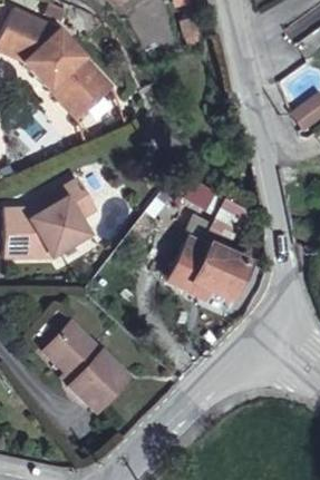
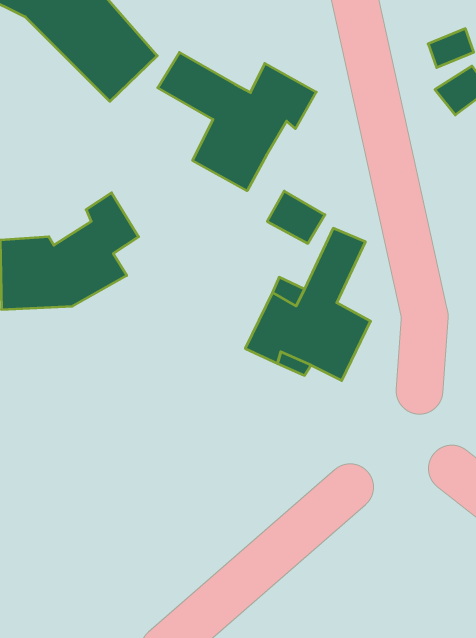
building: none -> [158,52,316,191]
building: [42,321,127,412] -> none

